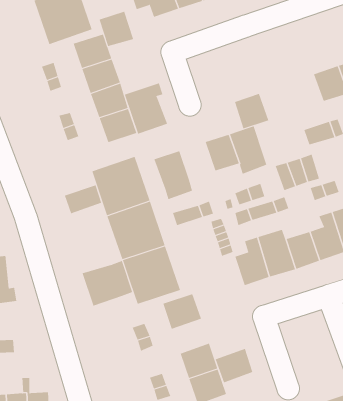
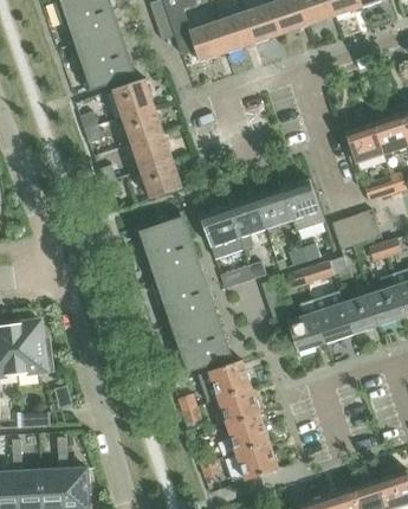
building: [99,11,134,47] -> none
building: [124,83,168,136] -> none
building: [234,93,269,129] -> [345,123,383,162]
building: none -> [228,196,266,238]
building: [64,185,102,214] -> none
building: [82,260,133,306] -> none
building: [215,348,253,383] -> [219,388,260,426]

